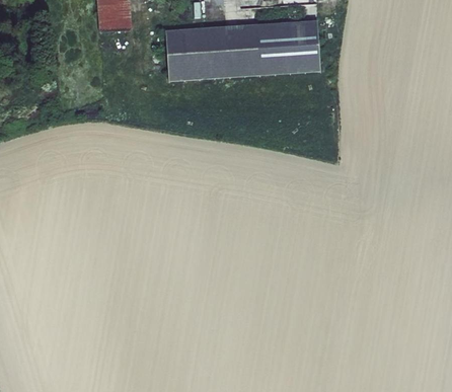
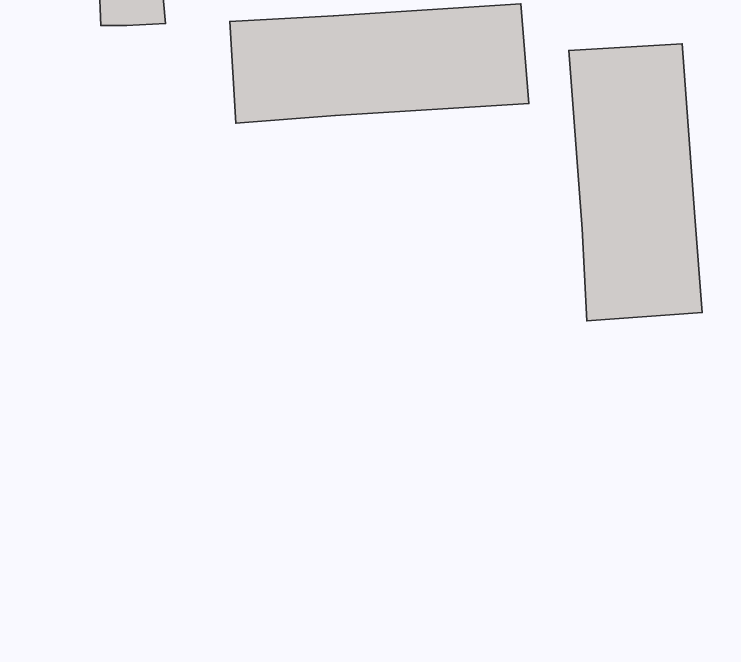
building: none -> [569,44,702,321]

